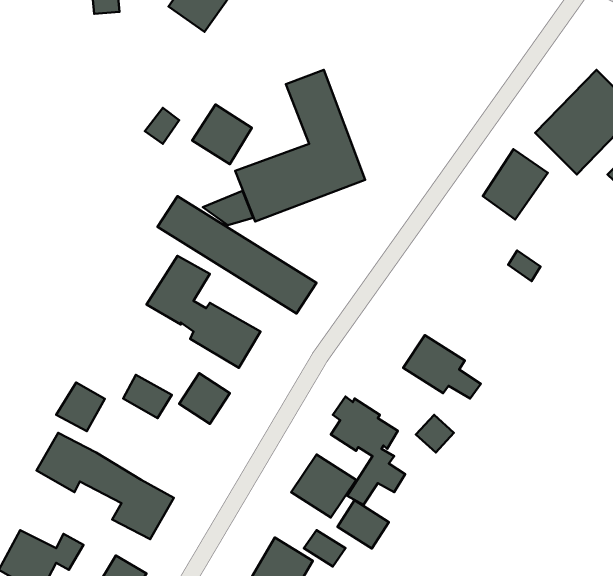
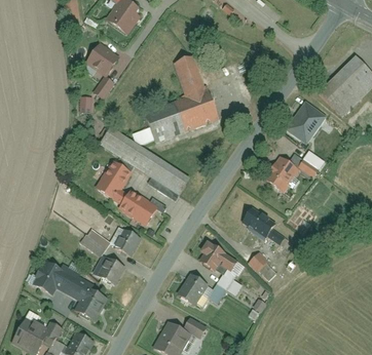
building: [192,104,252,164] -> [86,42,120,76]
building: none -> [265,155,298,190]
building: [56,382,105,431] -> [98,258,125,285]
building: [338,500,389,549] -> none

